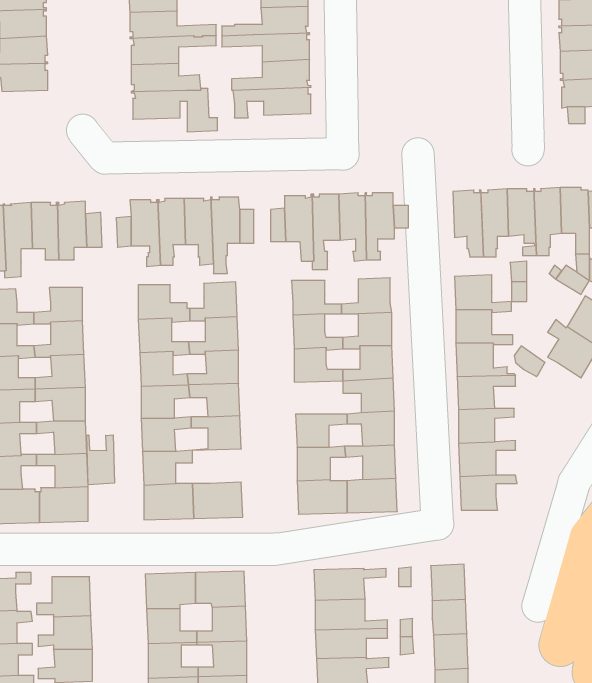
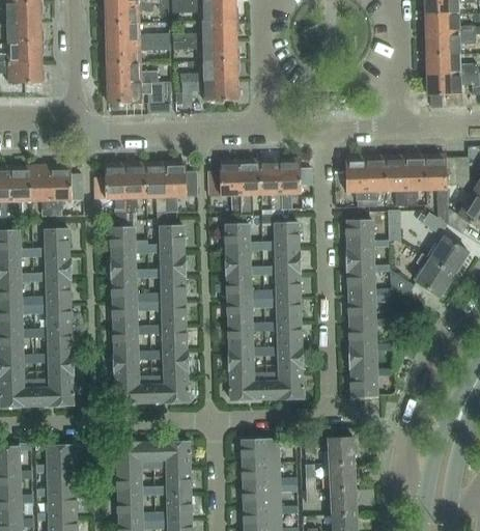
building: none -> [226,299,262,324]
building: [87,435,114,485] -> none
building: none -> [150,350,187,375]

